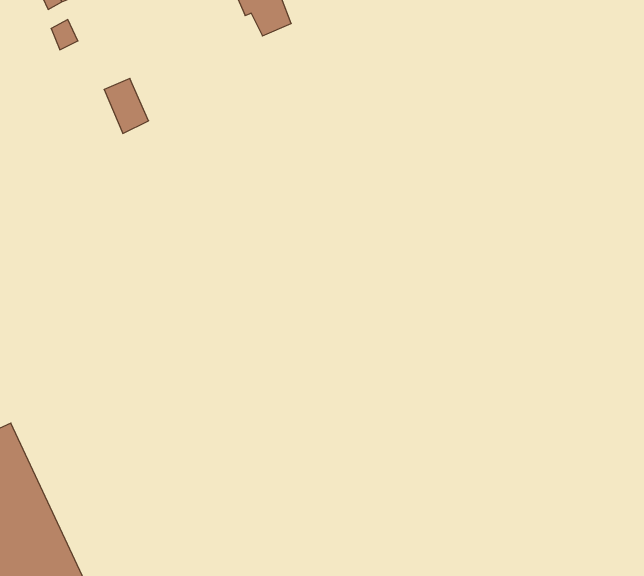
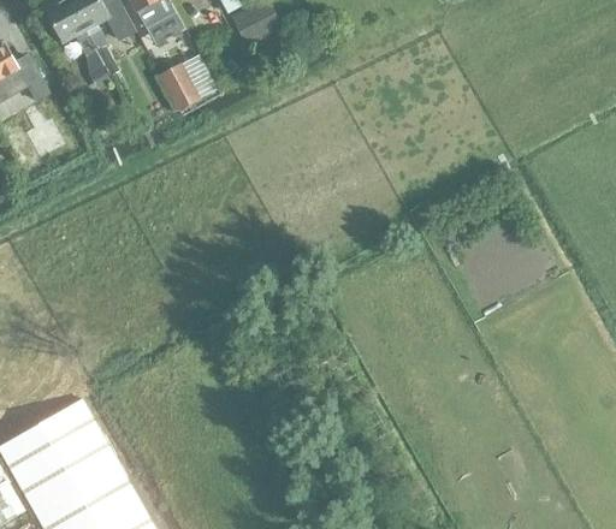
building: [104,78,149,133] -> [162,65,201,111]

